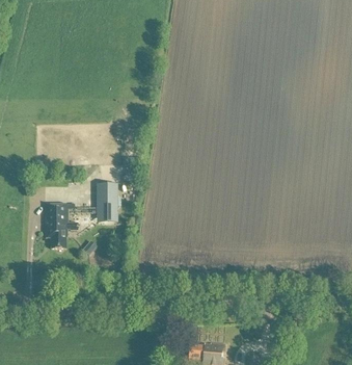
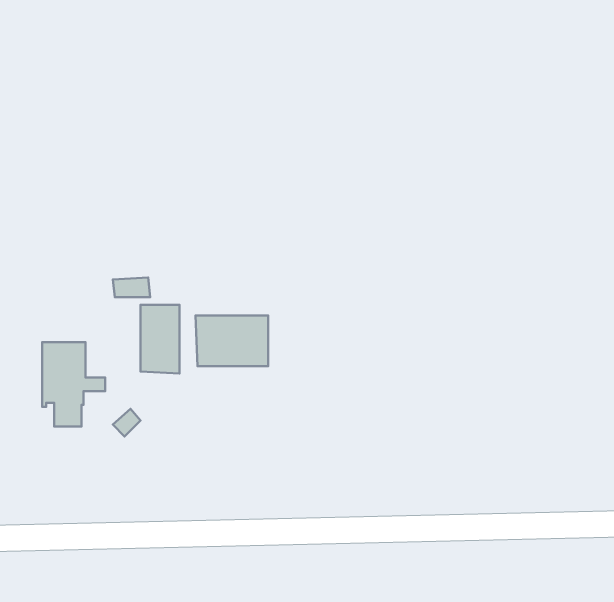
building: none -> [195,315,268,366]

